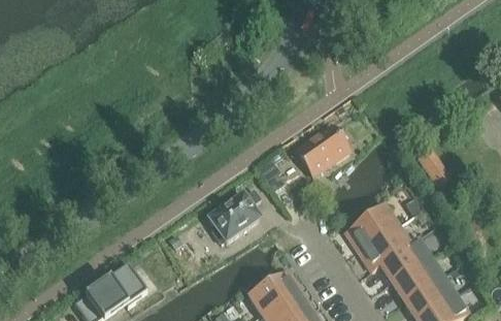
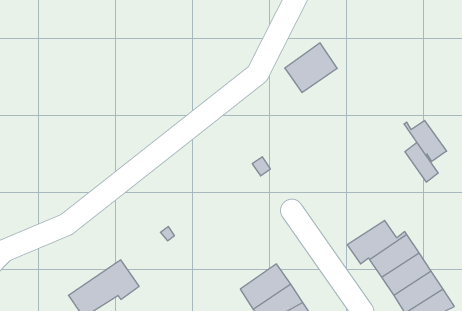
building: [295,124,348,174] -> [285,43,337,93]
building: none -> [404,120,447,161]
building: [209,189,261,243] -> none
building: [346,206,397,251] -> none

